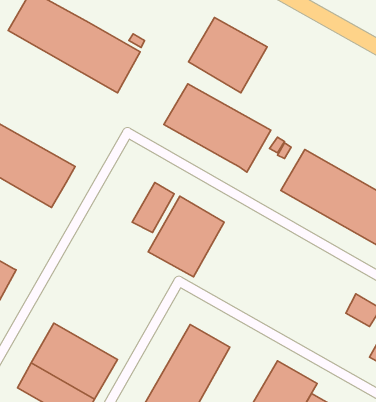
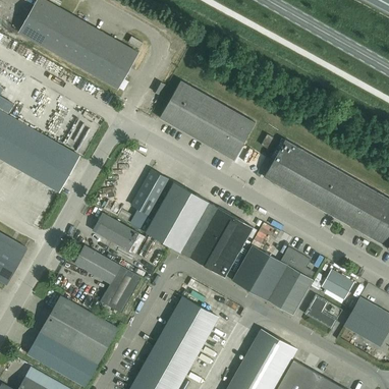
building: [188,17,267,93] -> none
building: none -> [185,205,253,277]
building: none -> [93,213,145,254]
building: none -> [232,244,313,315]
building: none -> [74,245,142,313]
building: none -> [304,294,337,328]

